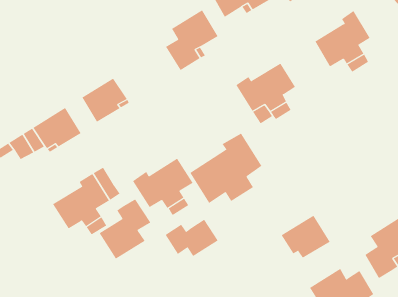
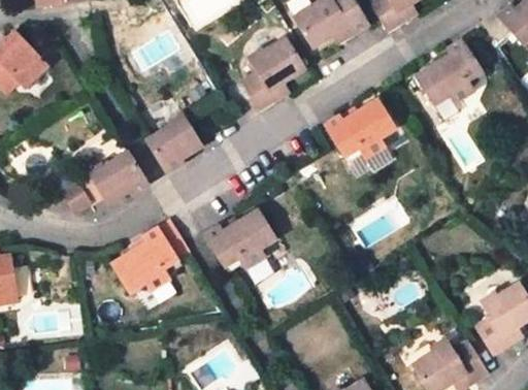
building: [189,133,262,204] -> none
building: [99,199,151,260] -> none
building: [281,215,330,259] -> none
building: [165,219,219,257] -> none

